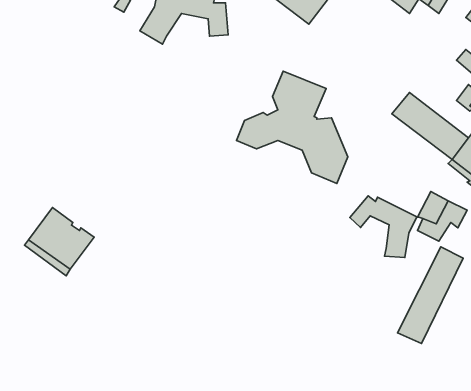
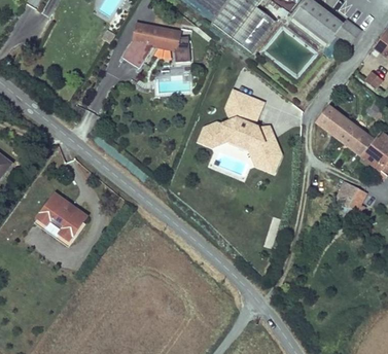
building: [350,196,417,258] -> none
building: [398,247,463,343] -> none

